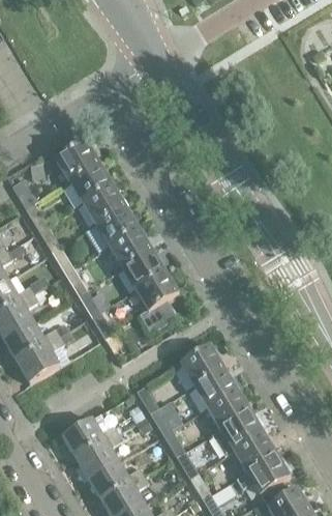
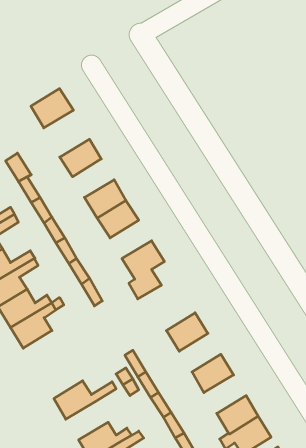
building: [54,138,98,179] -> [31,89,73,128]
building: [81,181,124,222] -> none
building: [120,246,163,286] -> none
building: [192,365,236,405] -> none
building: [210,408,263,454] -> none
building: [73,429,121,477] -> none

